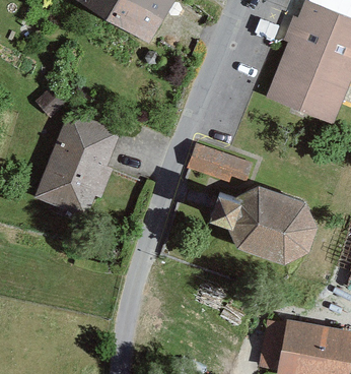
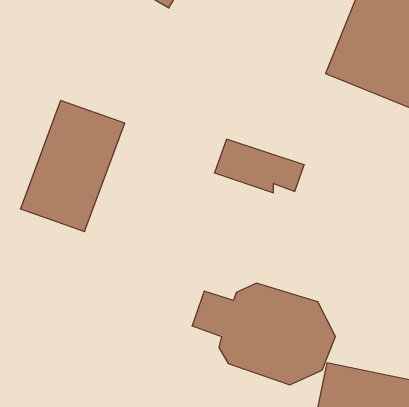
building: [209,189,318,266] -> [192,283,335,385]

